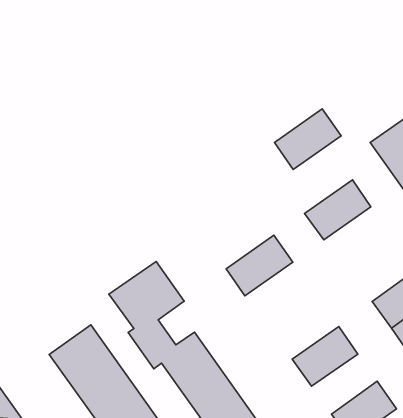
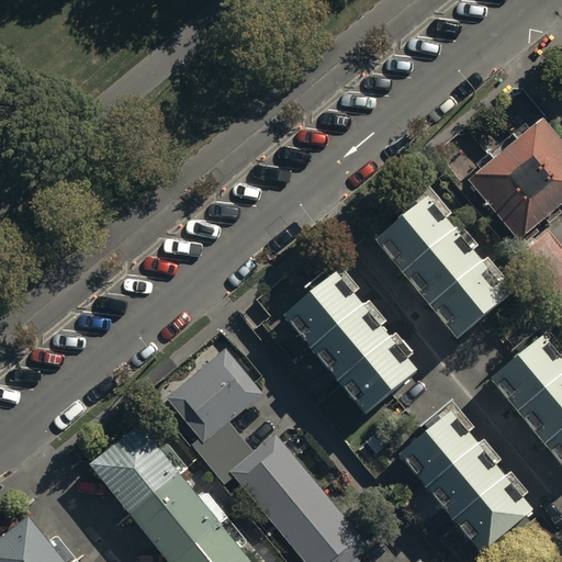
building: [275,109,341,169] -> [374,196,457,274]
building: none -> [426,260,508,337]
building: none -> [281,273,363,350]
building: none -> [333,336,415,414]
building: none -> [424,445,505,521]

